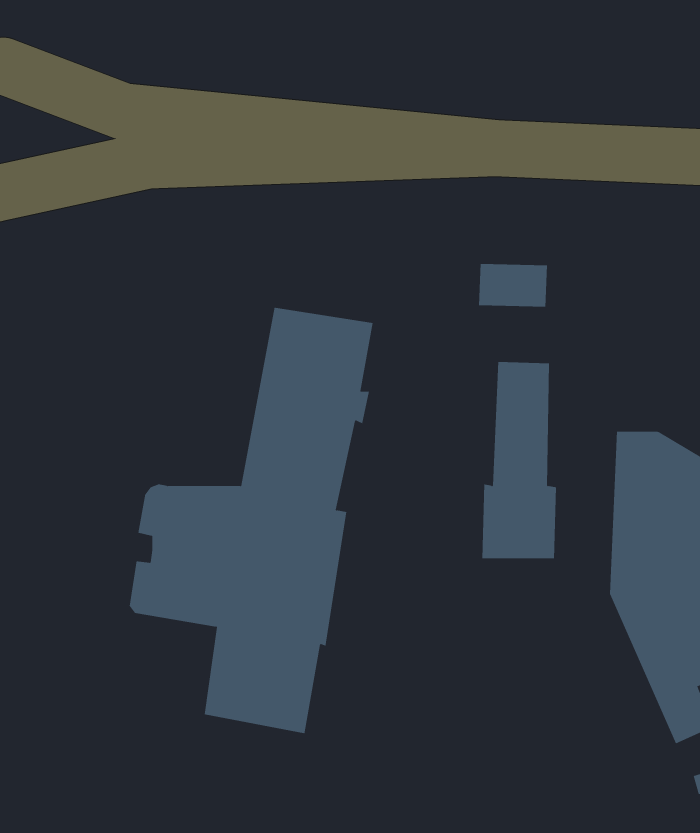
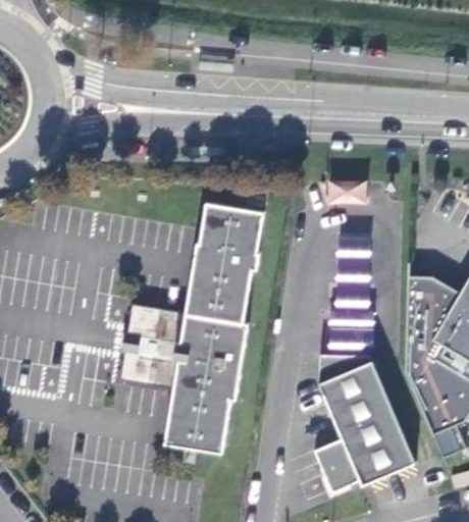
building: none -> [313,353,414,491]

